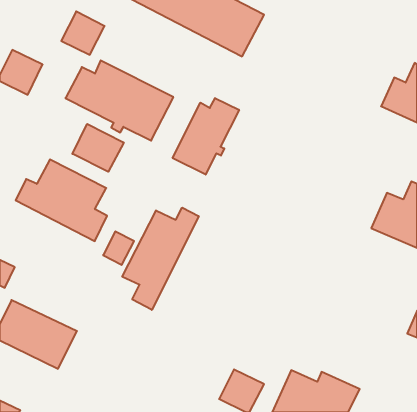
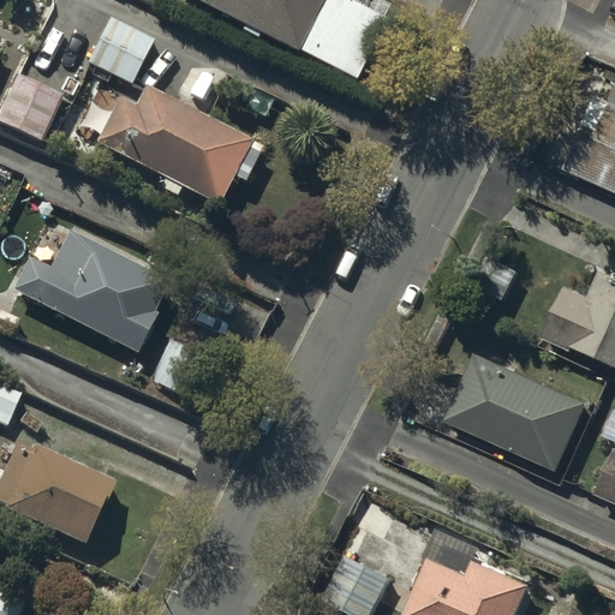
building: [173,98,239,175] -> none
building: [72,124,124,172] -> none
building: [122,208,199,310] -> none
building: none -> [447,353,586,468]

